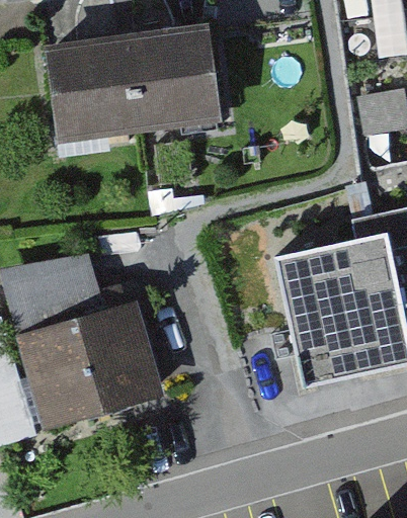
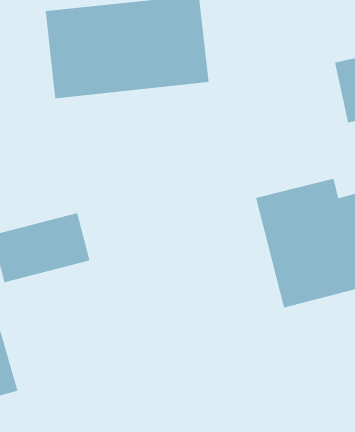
building: [20,303,169,433] -> none

